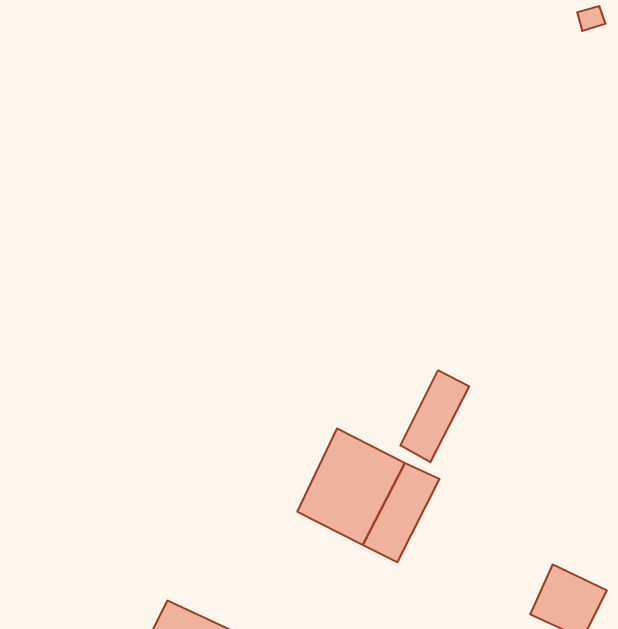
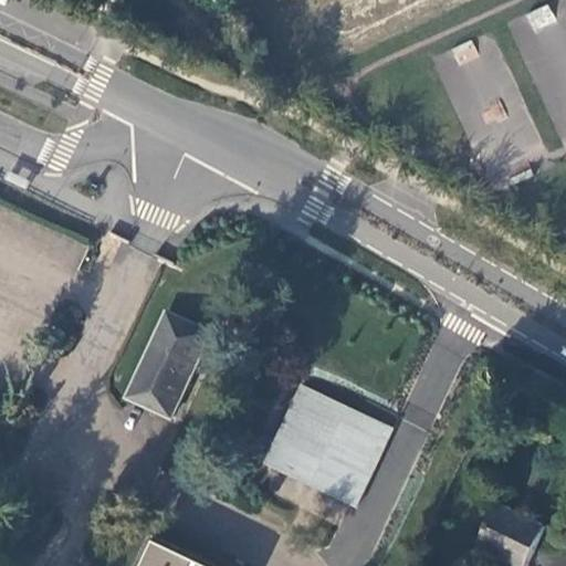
building: none -> [127,310,211,415]
building: [400,370,469,462] -> none

